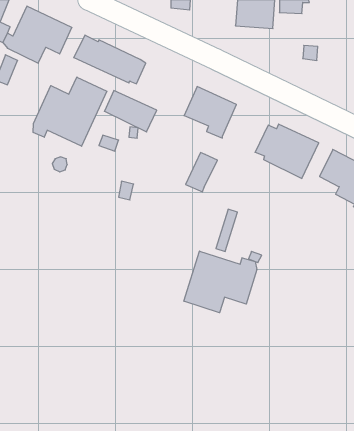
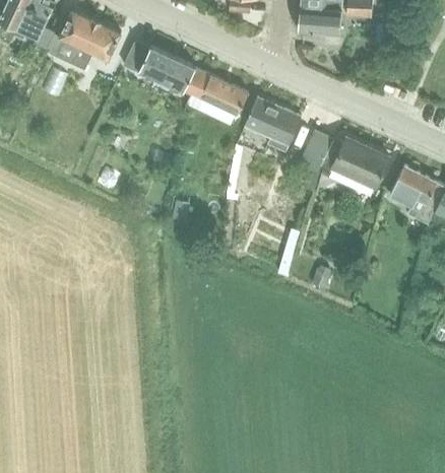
building: [33,77,107,146] -> none
building: [104,91,157,132] -> [191,71,248,116]
building: [186,153,217,192] -> [300,130,334,173]
building: [184,251,257,313] -> none

